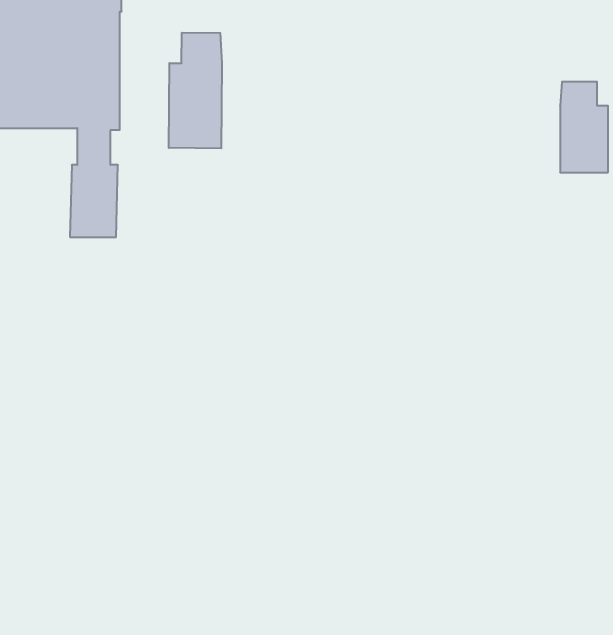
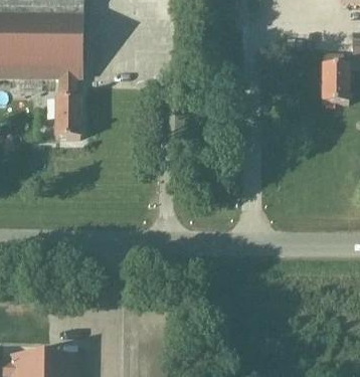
building: [169,33,222,148] -> none

